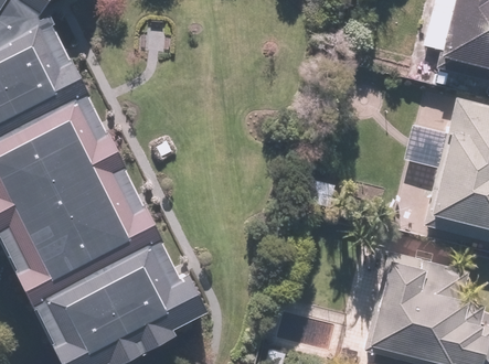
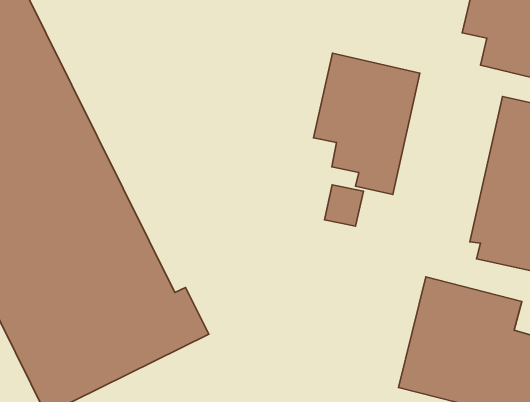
building: none -> [314,53,420,195]

